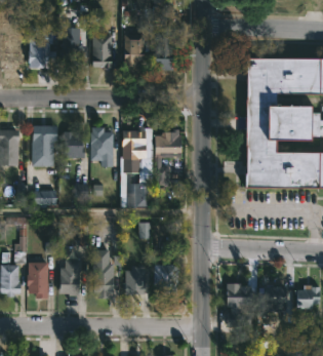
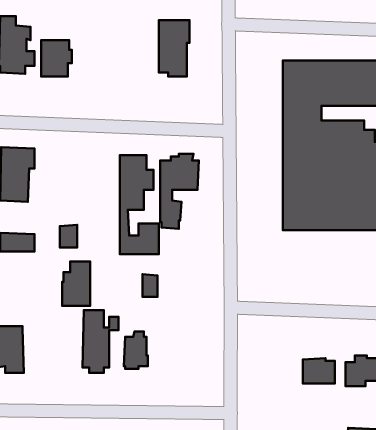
building: [123,33,145,66] -> none
building: [91,34,113,67] -> none
building: [90,126,115,166] -> none
building: [60,131,86,158] -> none
building: [57,260,79,293] -> [62,262,90,306]
building: [153,264,176,296] -> none
building: [228,284,253,326] -> none

